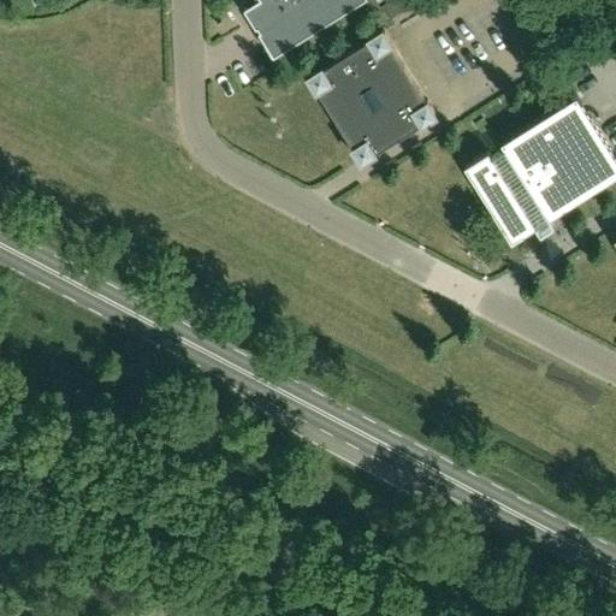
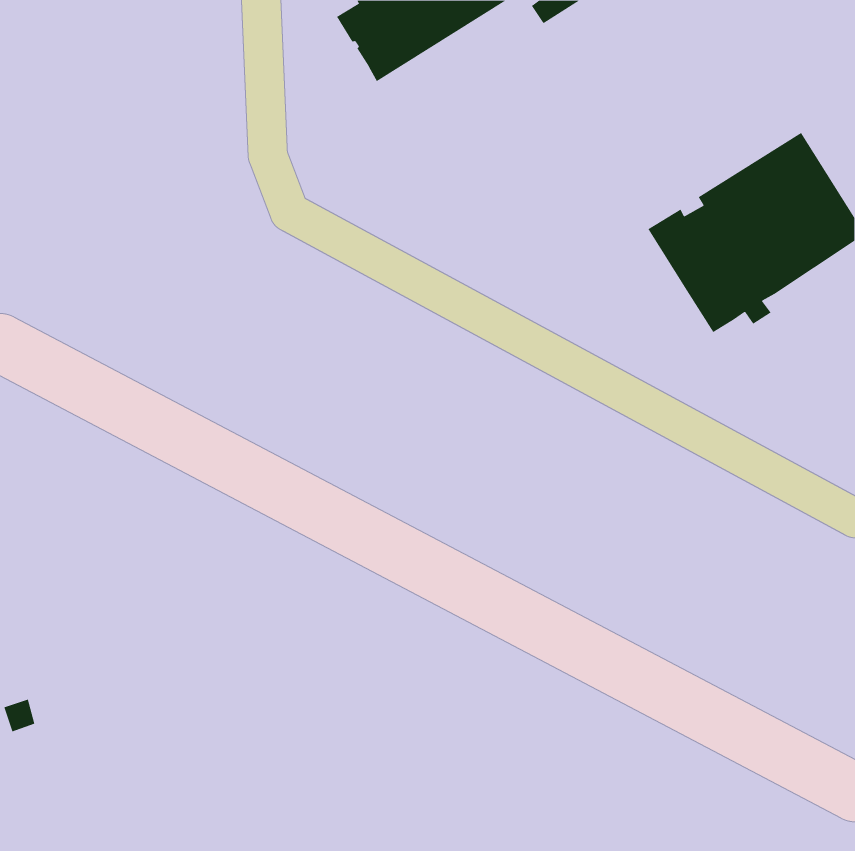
building: [308,30,437,164] -> none

